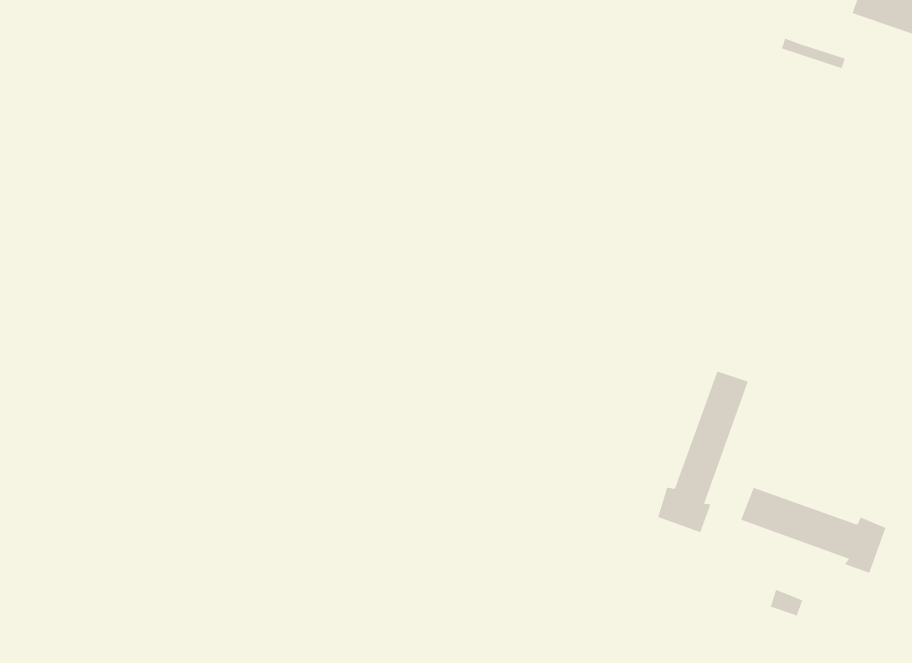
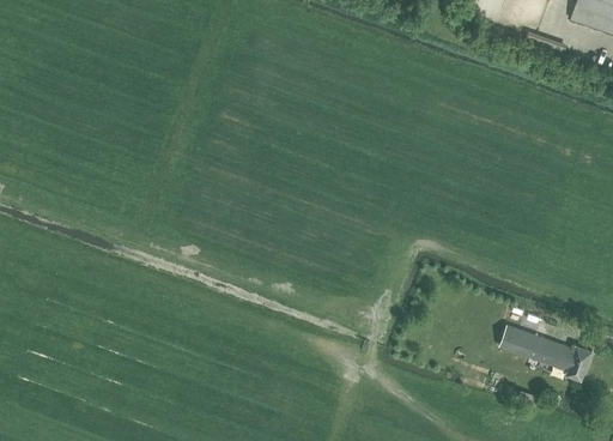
building: [657,371,749,533] -> none

